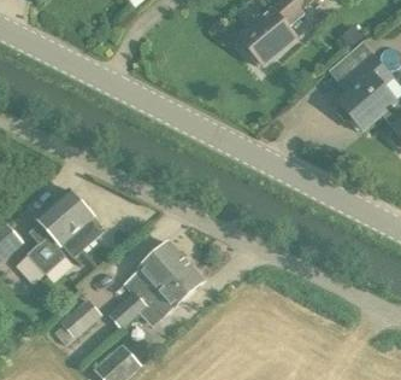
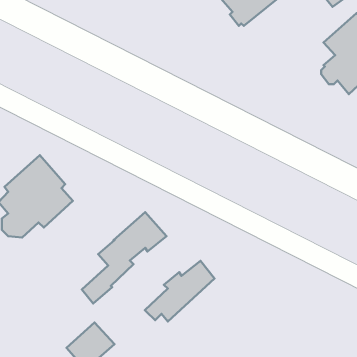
building: [137,264,204,322] -> [145,261,215,322]
building: [54,296,102,343] -> none

